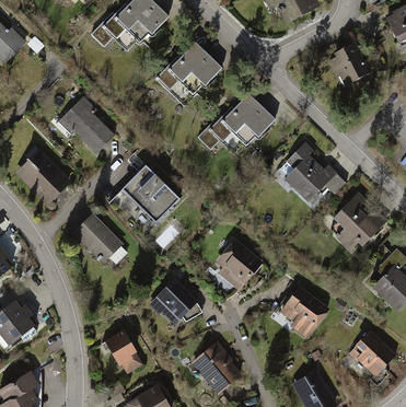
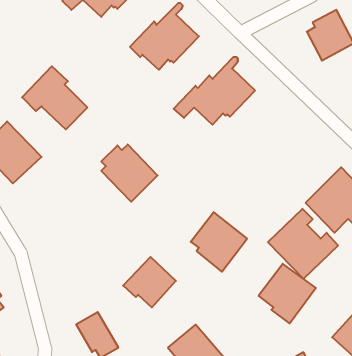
building: [270,140,337,207] -> [268,209,338,279]
building: [70,212,127,266] -> none

